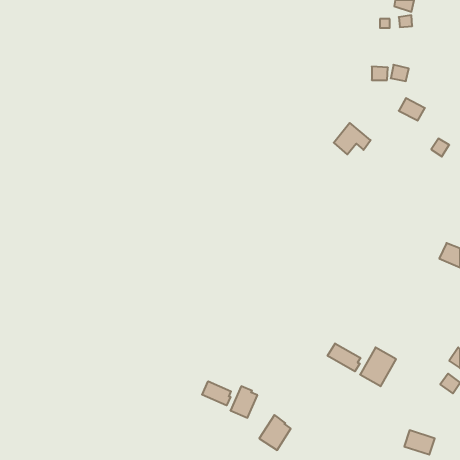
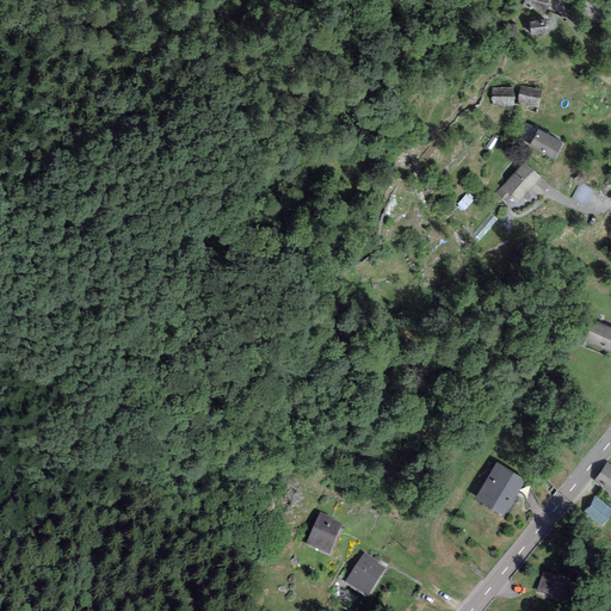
building: [334,123,371,154] -> [501,162,550,204]
building: [328,343,360,371] -> none
building: [202,381,231,405] -> none

